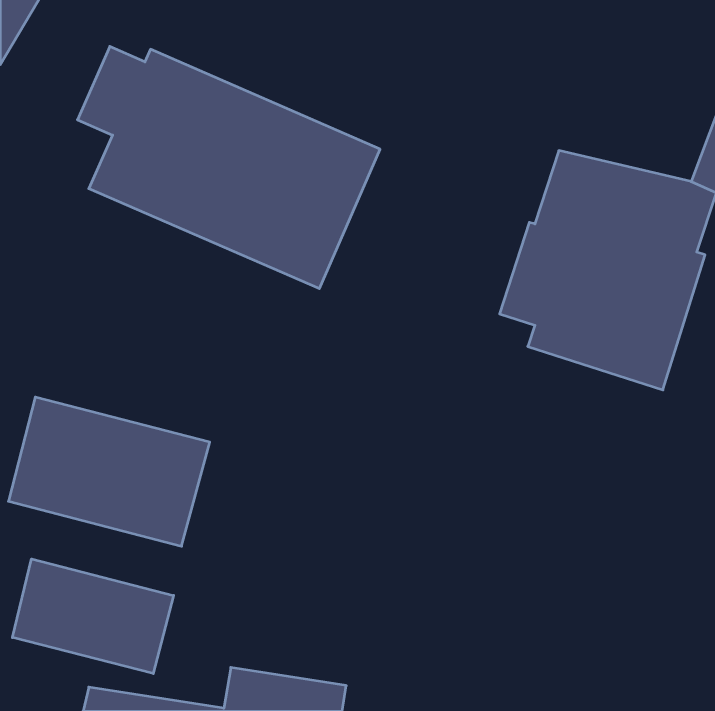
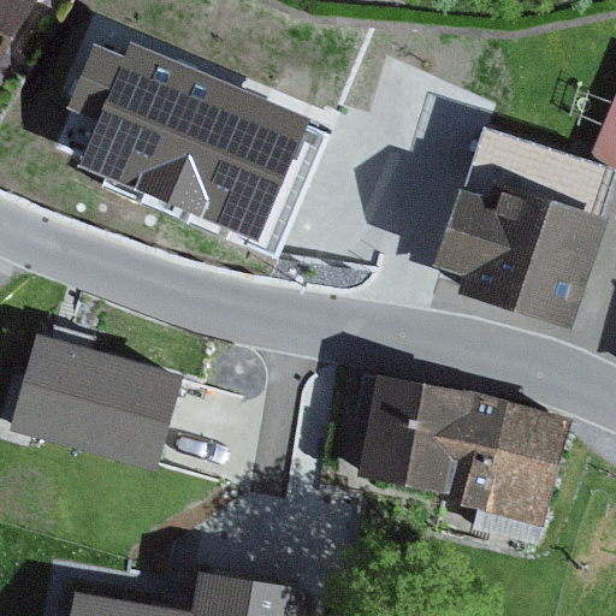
building: none -> [355,377,568,544]
building: [12,559,174,674] -> none

